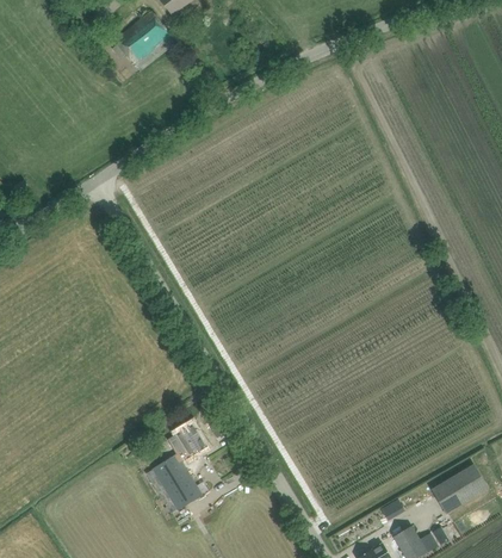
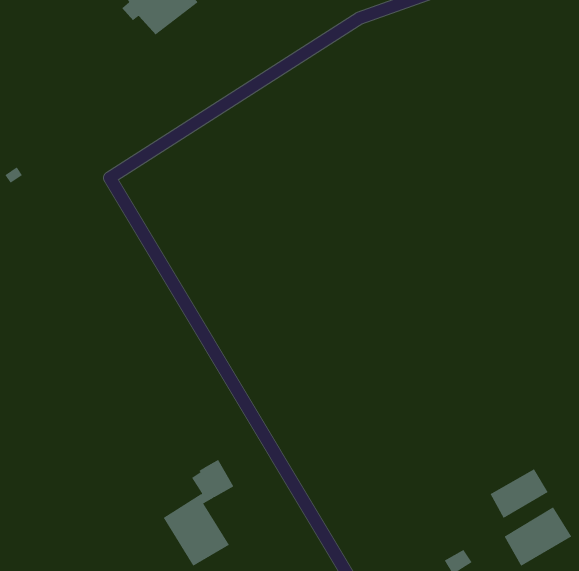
building: none -> [490,468,549,519]

